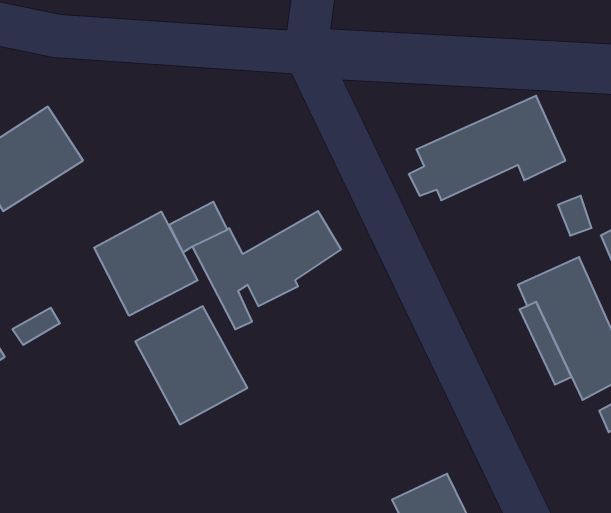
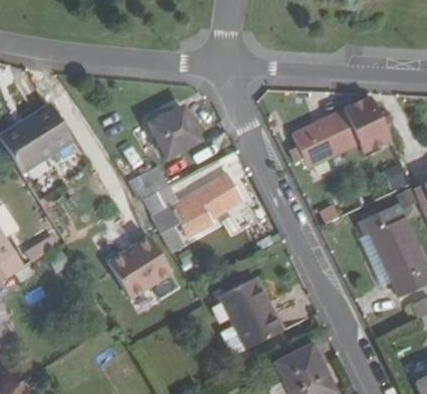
building: none -> [151,108,202,157]
building: [94,212,198,316] -> none
building: none -> [221,277,282,348]

